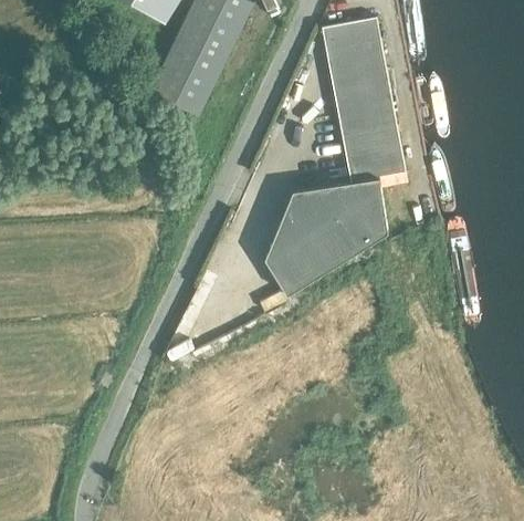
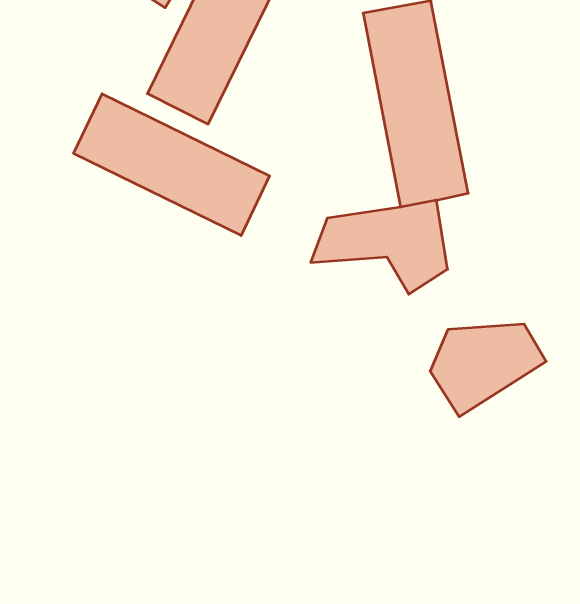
building: none -> [74,94,270,236]
building: [265,222,358,296] -> [430,324,546,417]

